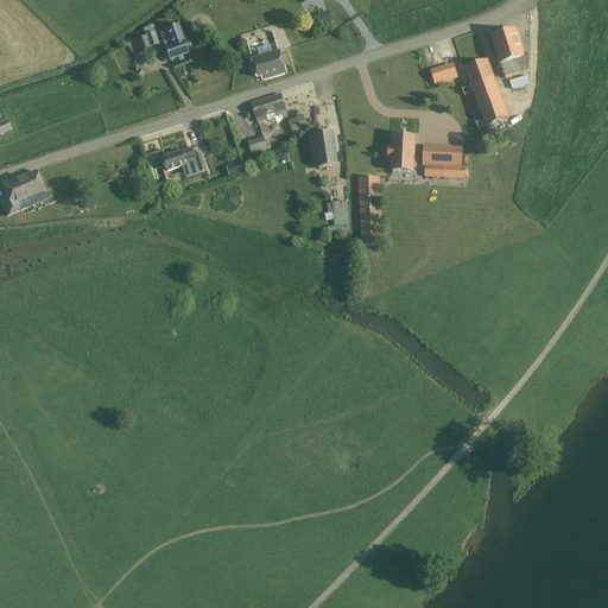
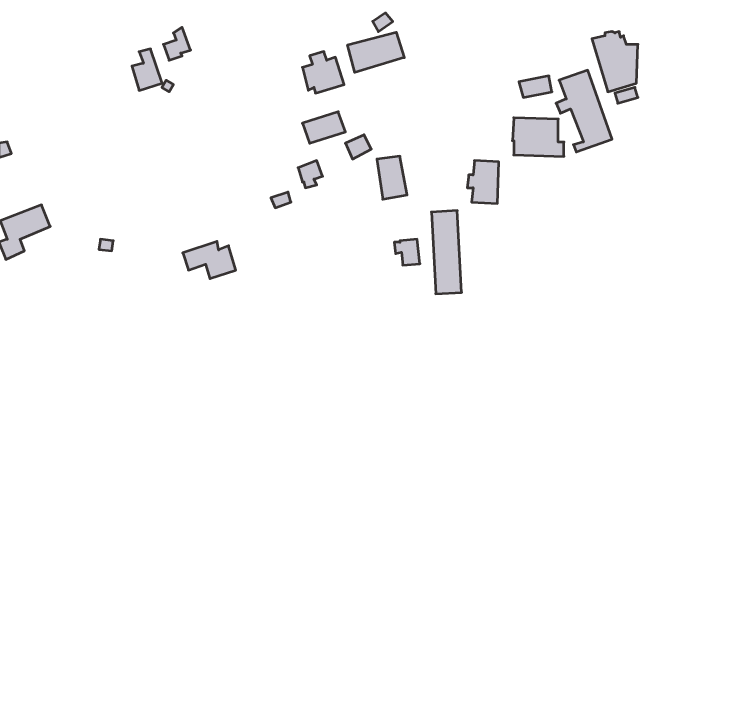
building: [163,23,188,57] -> [132,49,162,90]
building: none -> [348,32,404,72]
building: [423,144,466,176] -> [512,118,564,156]
building: [163,145,207,176] -> [183,241,236,279]

